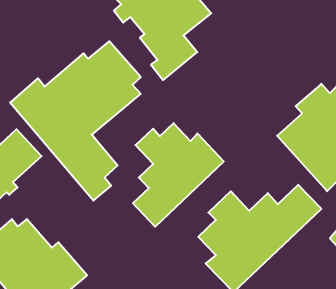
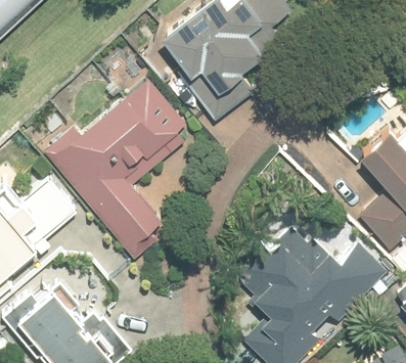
building: [133,123,224,227] -> none

